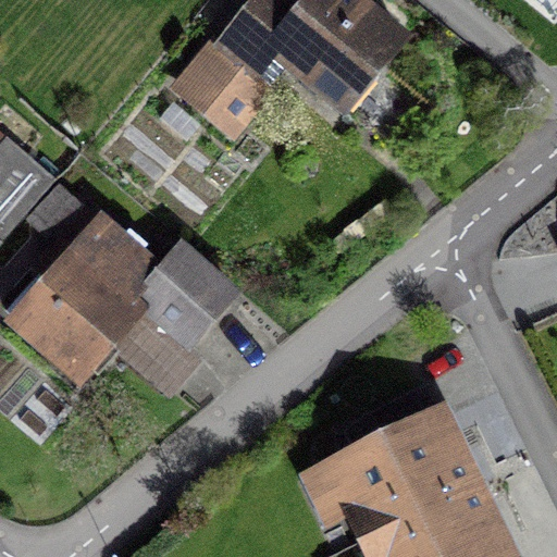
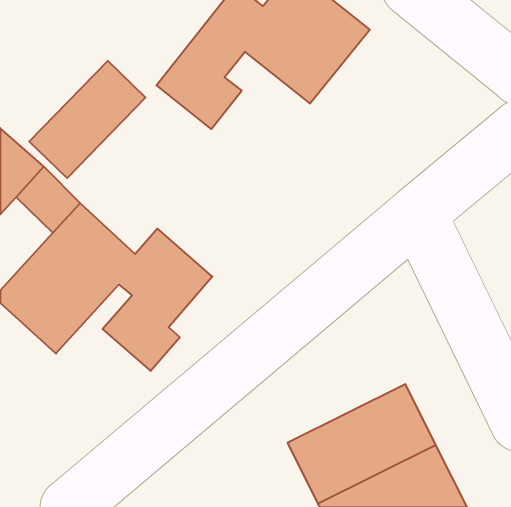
building: none -> [29,61,145,178]

